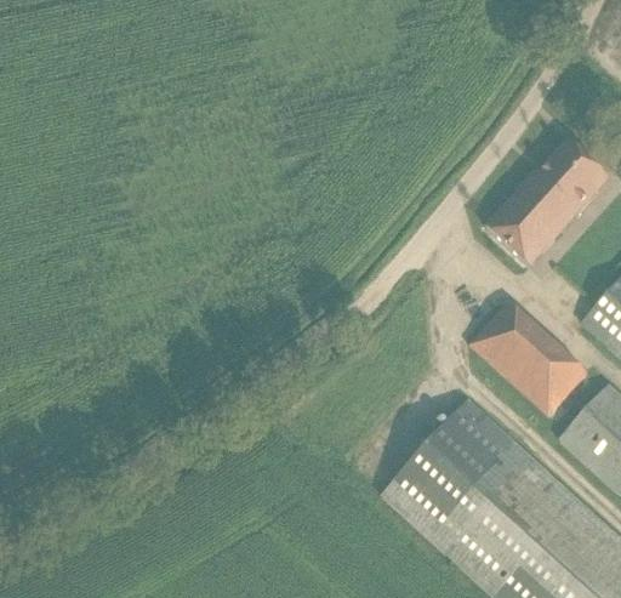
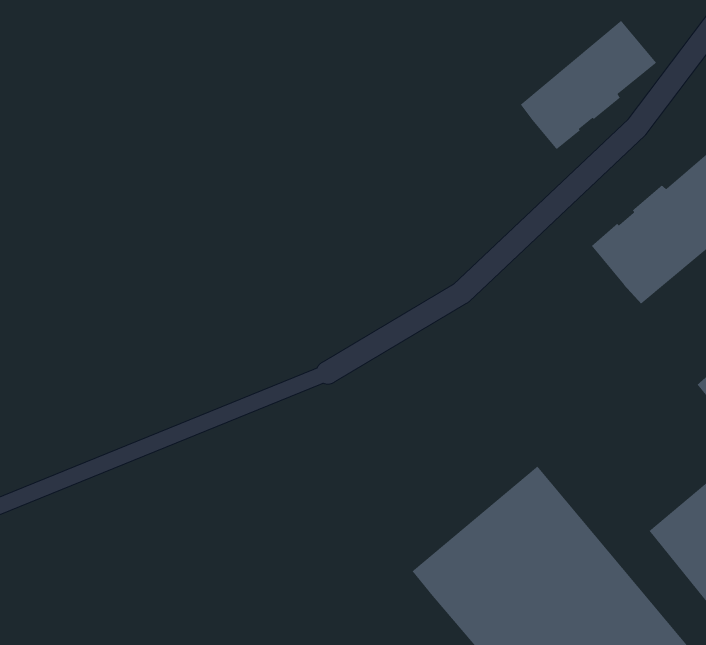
building: none -> [520,20,657,150]
building: [469,300,586,414] -> none

